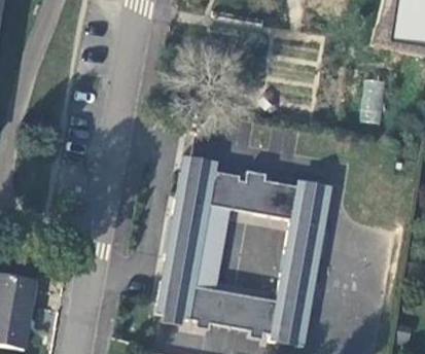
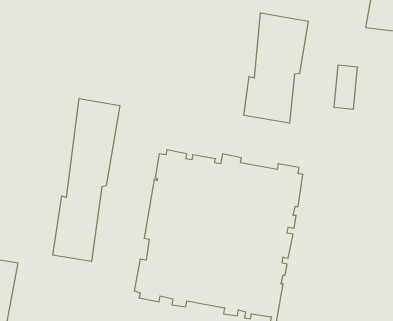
building: none -> [244,13,308,123]
building: none -> [53,98,120,262]

